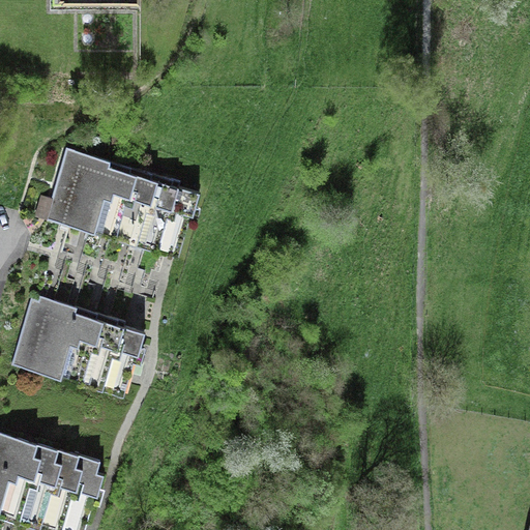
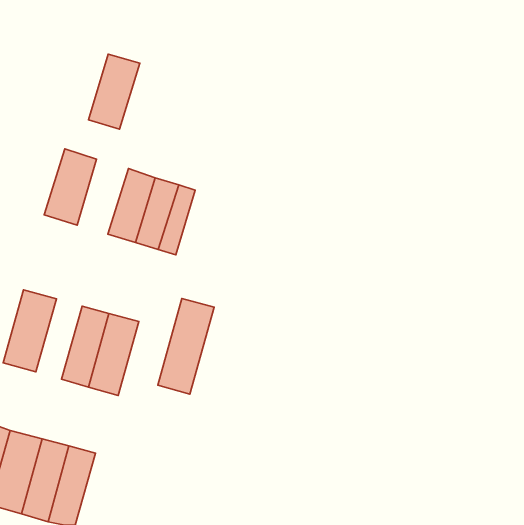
building: [78,160,129,236] -> [89,54,140,129]
building: none -> [158,298,214,394]
building: [36,301,83,382] -> none

